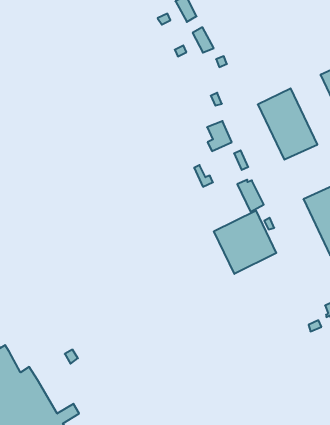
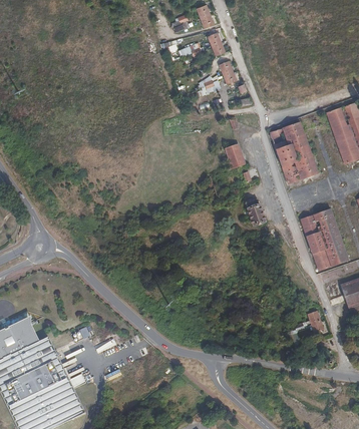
building: [214,210,276,274] -> none

